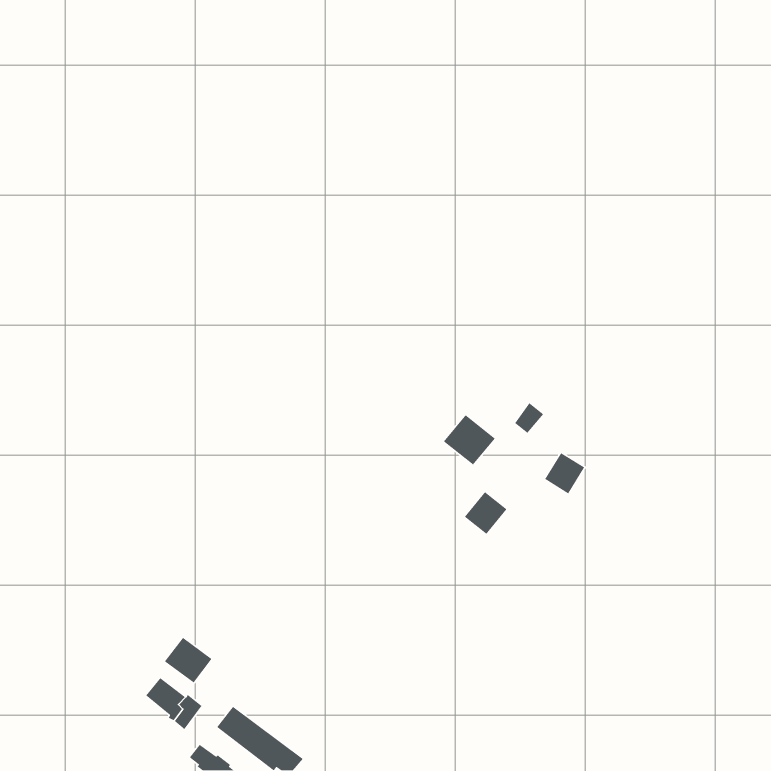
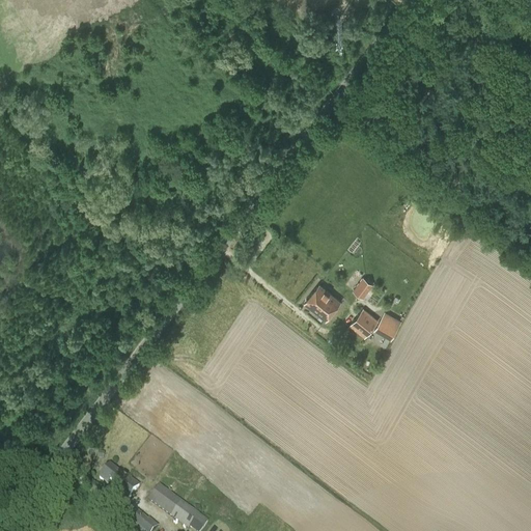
building: [464,491,508,535] -> [350,307,380,337]
building: [164,637,213,683] -> none

